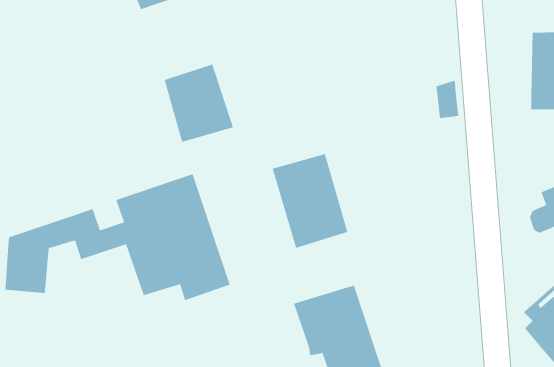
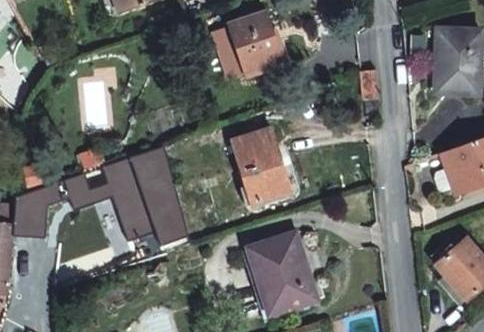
building: [164,64,234,142] -> [228,12,284,75]

